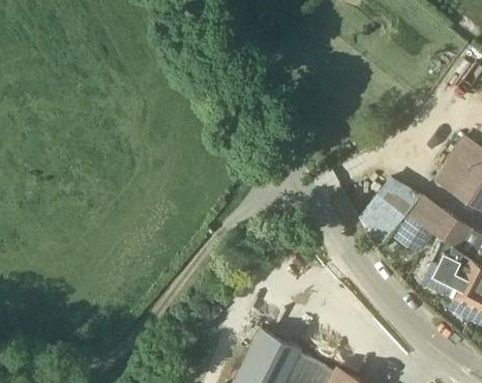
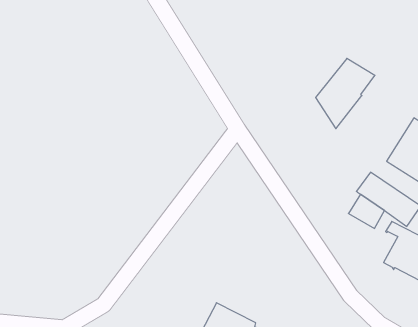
building: [358,176,419,248] -> [316,58,375,129]

